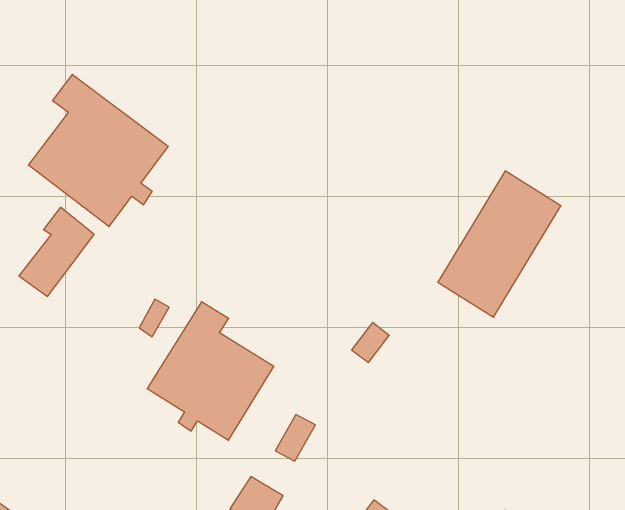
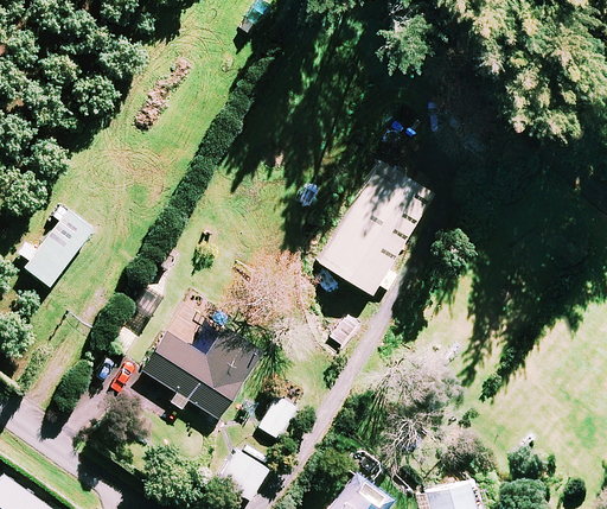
building: [28,74,168,227] -> none
building: [438,171,561,317] -> [319,163,432,297]

